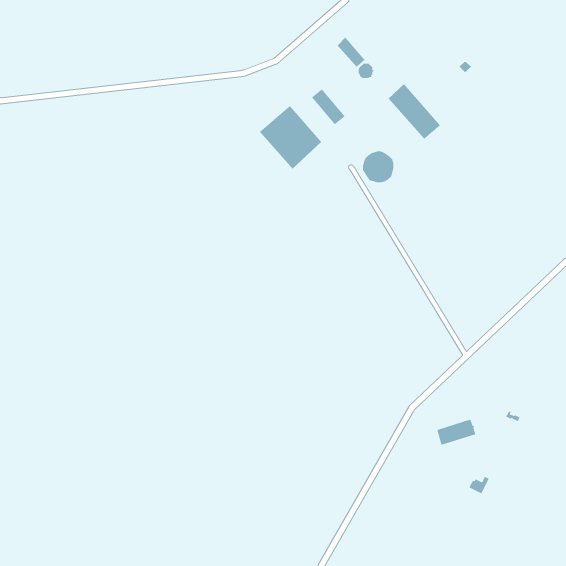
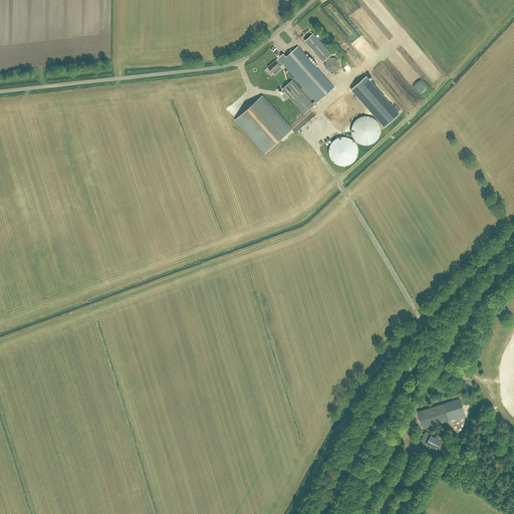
building: none -> [268,46,333,102]
building: none -> [351,115,380,145]
building: [436,419,476,445] -> [424,402,460,426]

